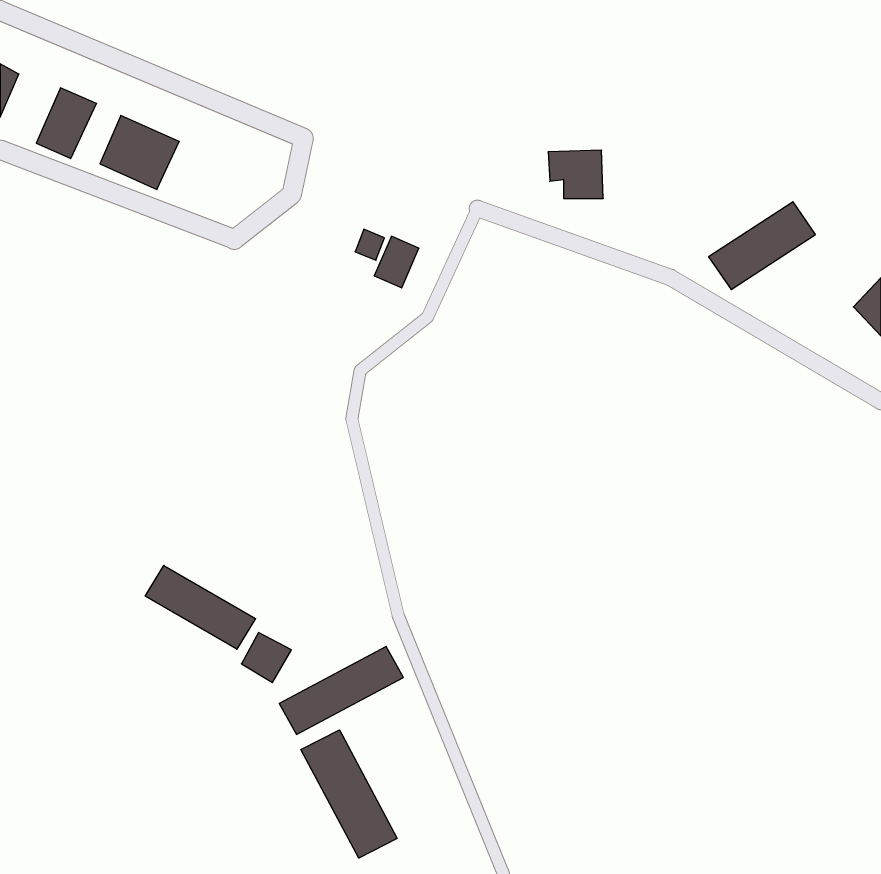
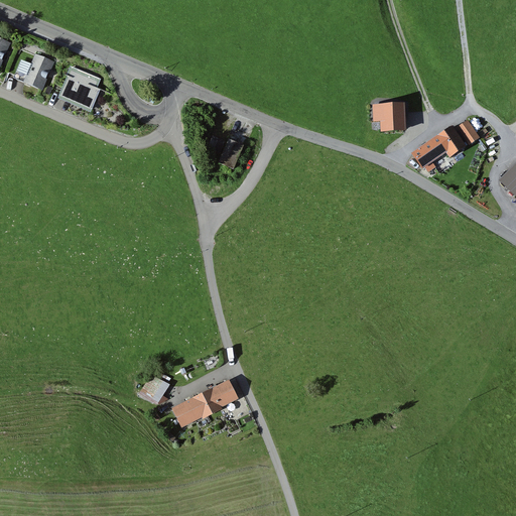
building: [548,150,603,198] -> [373,102,405,130]
building: [145,565,256,649] -> none
building: [301,730,397,858] -> none

